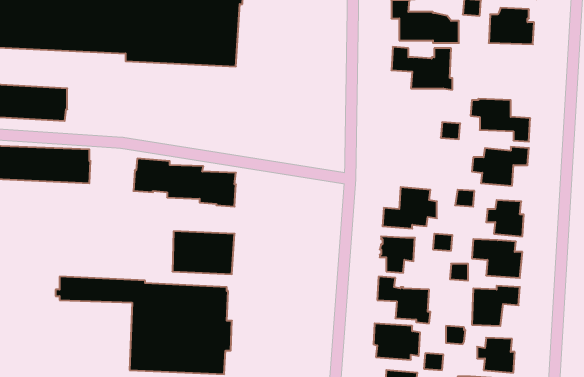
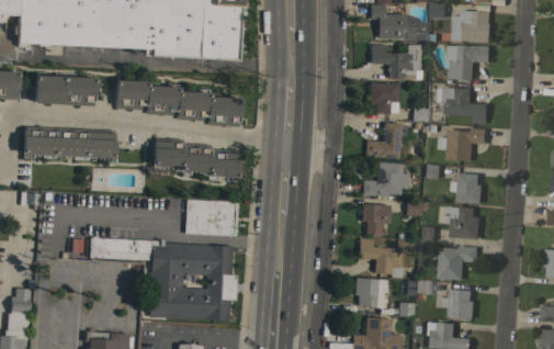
building: none -> [448,45,490,80]
building: none -> [115,80,241,126]
building: none -> [370,83,399,114]
building: none -> [365,123,402,159]

